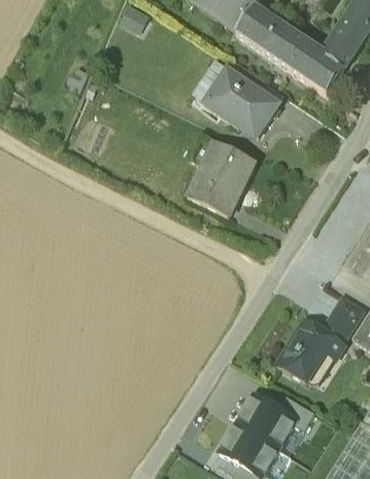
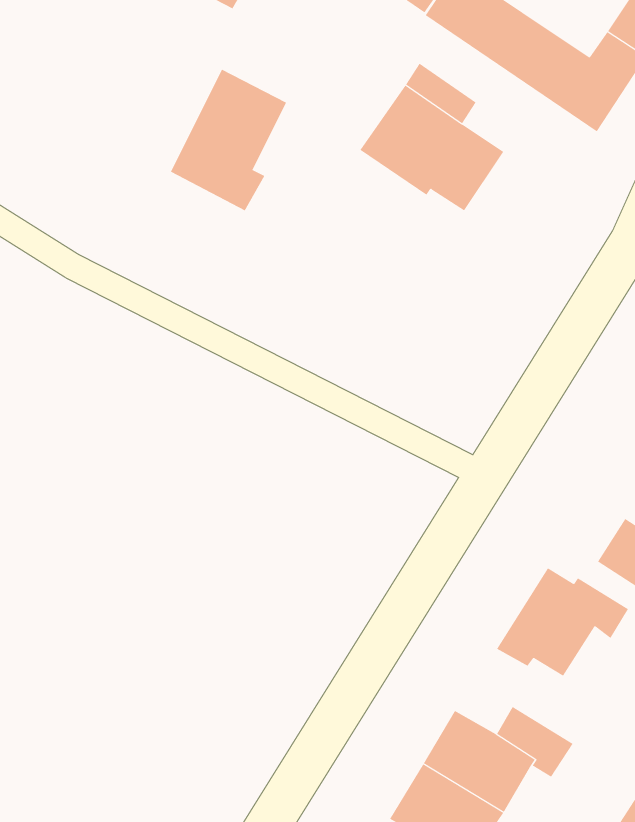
building: [189,141,249,215] -> [170,69,287,211]

